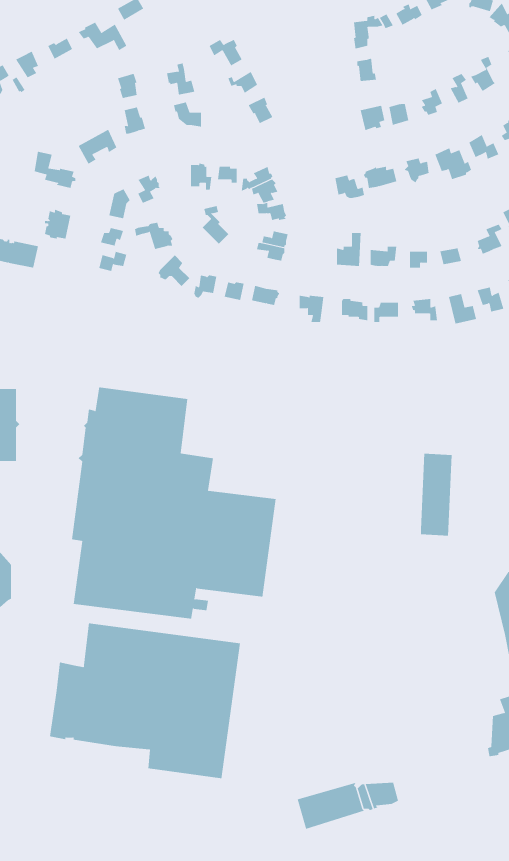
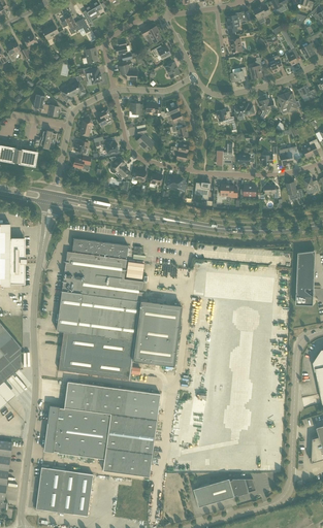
building: [420,453,452,536] -> [295,254,315,304]
building: none -> [35,466,92,515]

